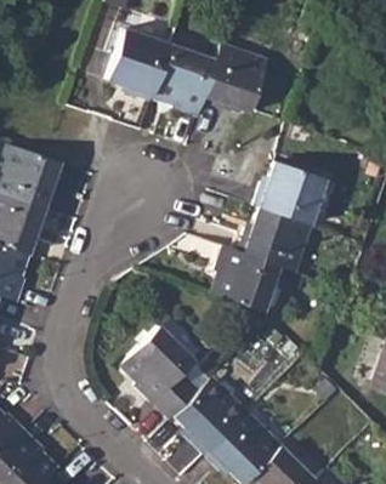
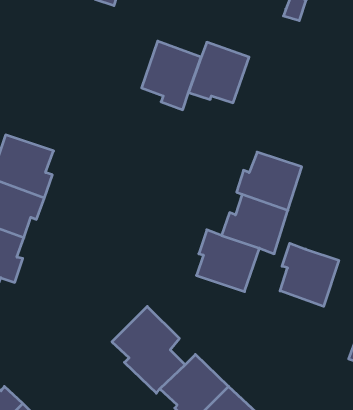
building: [107,30,170,102] -> none
building: none -> [280,243,339,306]

